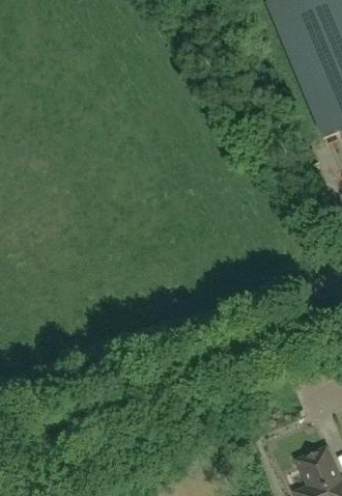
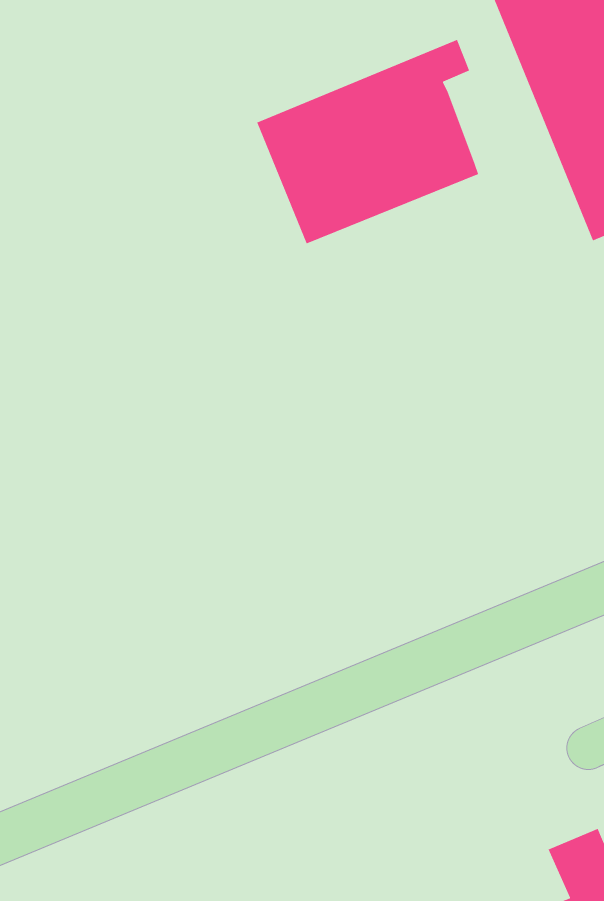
building: none -> [256,39,479,244]

